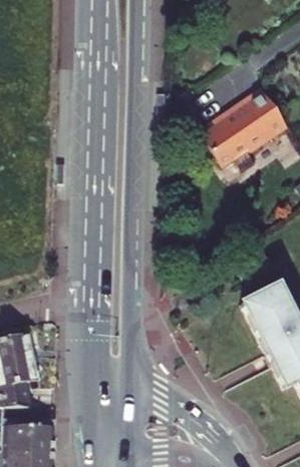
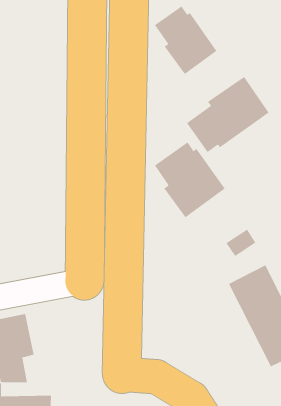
building: none -> [154,6,217,75]
building: none -> [154,142,225,218]

